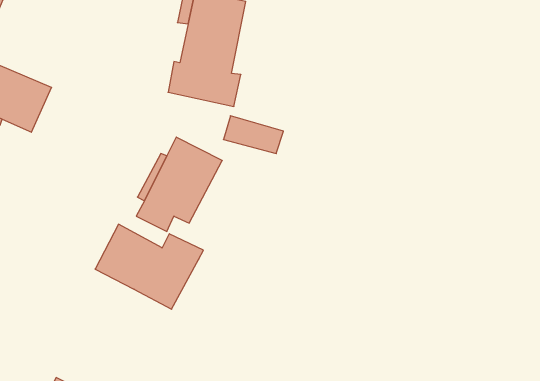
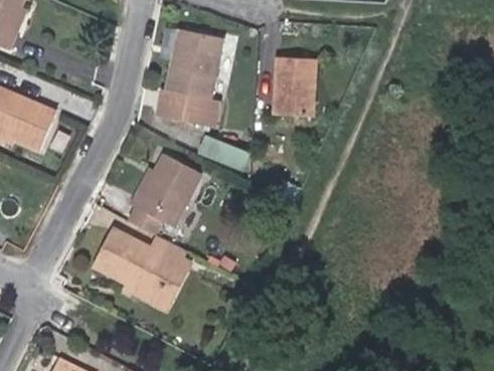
building: none -> [274,57,316,118]
building: none -> [124,258,191,311]

